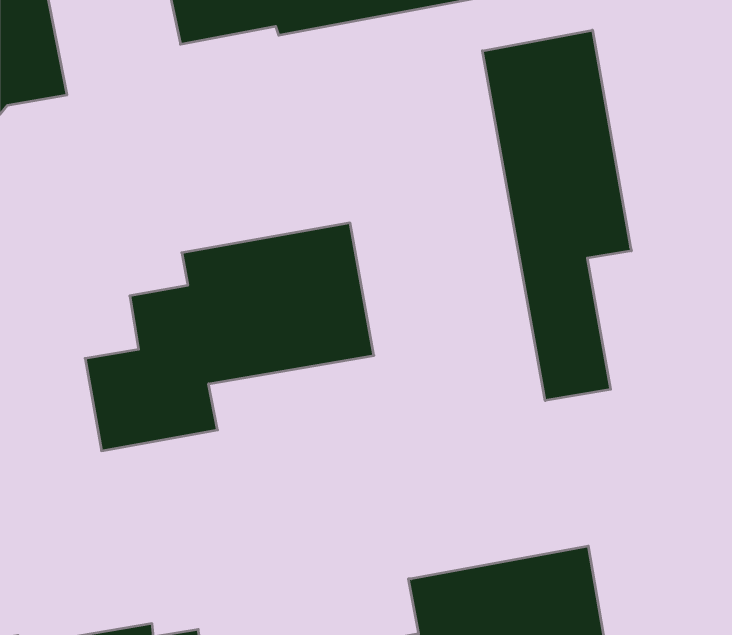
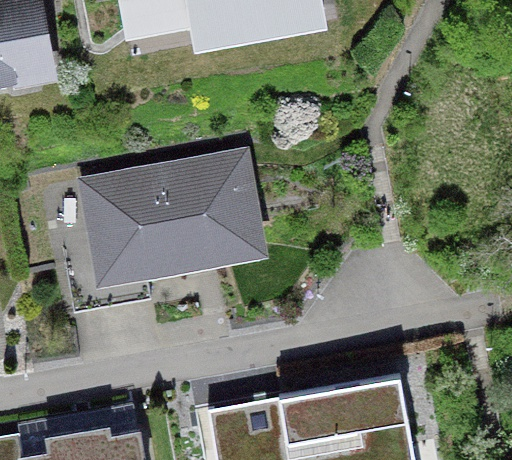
building: [482,30,631,401] -> none

